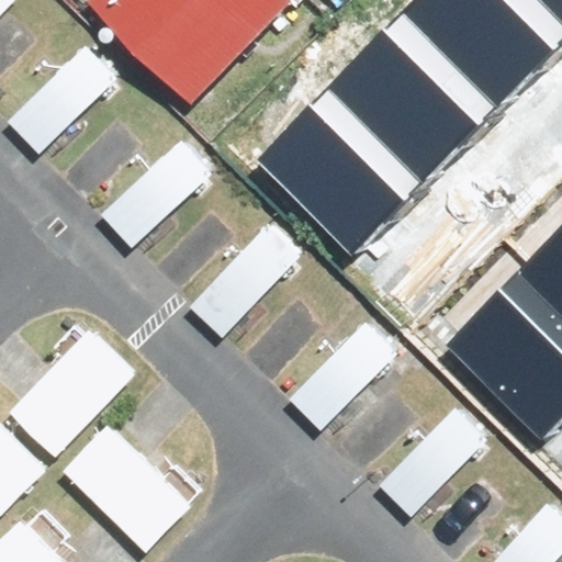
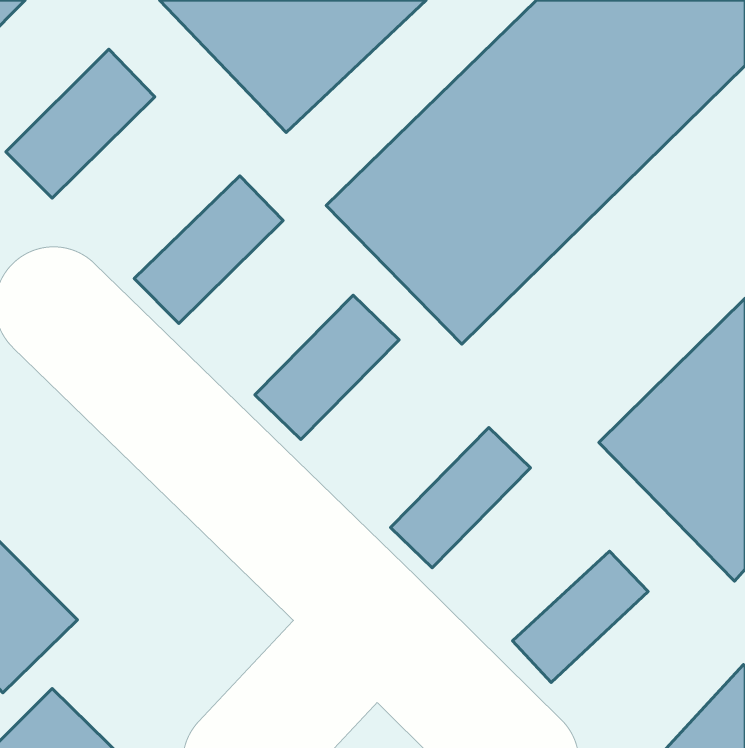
building: [20,329,149,459] -> none
building: [74,423,207,557] -> none

